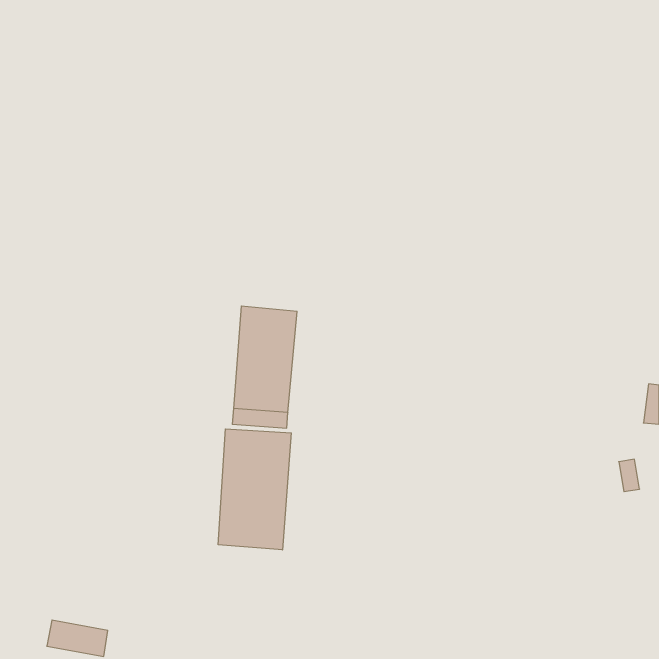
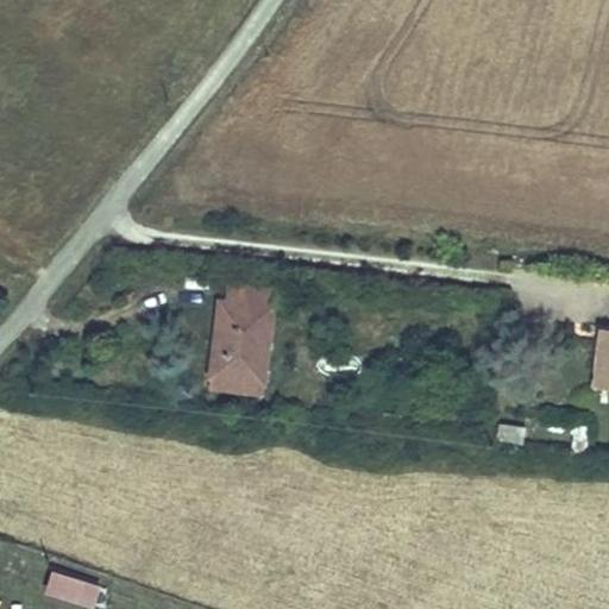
building: [218,429,291,550] -> none

